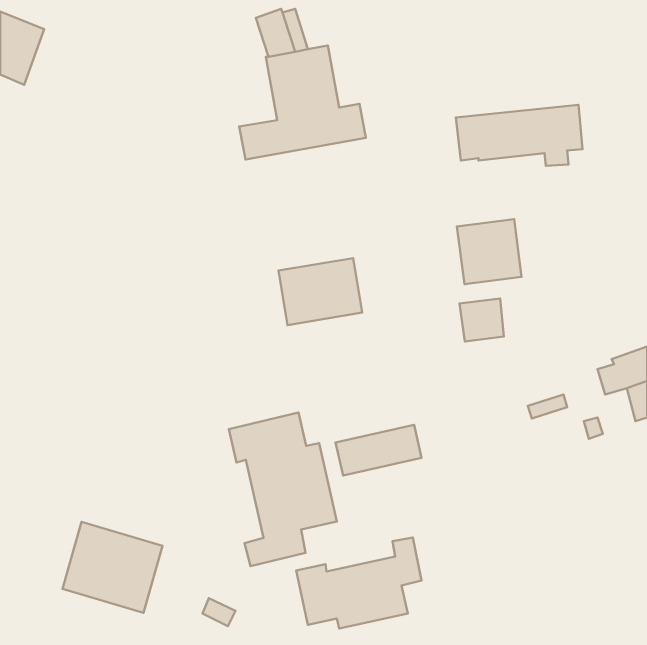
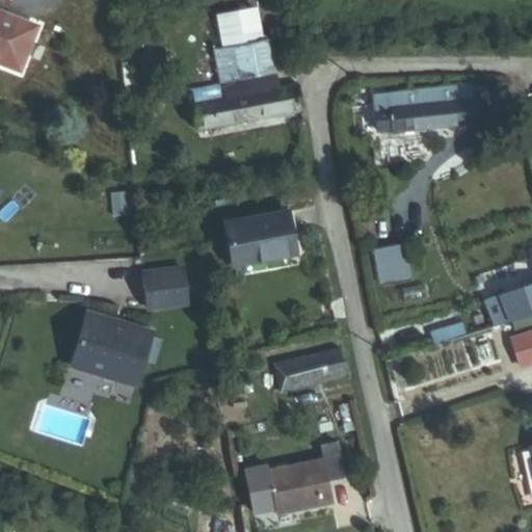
building: [457,219,522,284] -> none
building: none -> [141,265,187,309]
building: [229,413,337,566] -> none
building: [63,522,163,613] -> [70,310,152,384]

